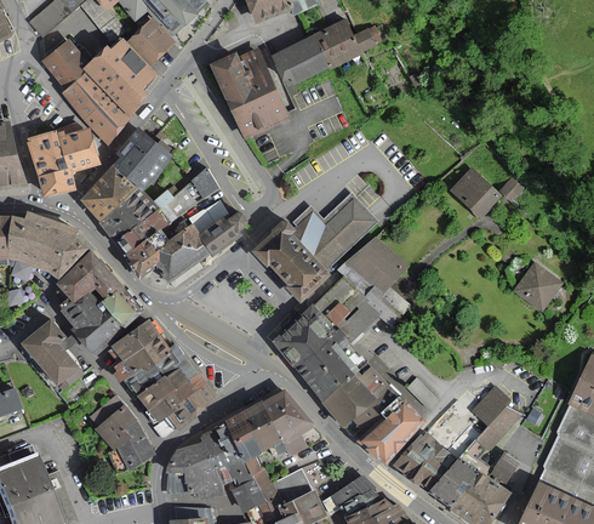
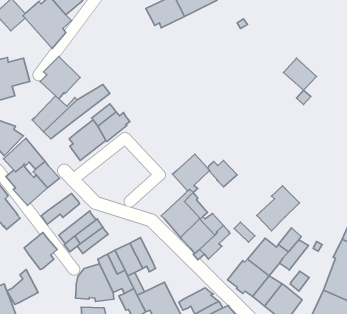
building: [210,50,287,137] -> none
building: [62,69,130,143] -> none
building: [80,165,135,220] -> none
building: [450,169,499,217] -> [284,58,316,90]
building: [252,194,377,301] -> none
building: [124,227,170,275] -> none
building: [339,237,406,296] -> none
building: [513,263,559,309] -> none
building: [343,301,381,342] -> none
building: [270,306,335,369] -> none
building: [112,319,159,361] -> none
building: [125,344,187,398] -> none
building: [263,392,310,454] -> none
building: [360,395,424,463] -> [257,186,299,231]
building: [108,420,155,473] -> [7,269,38,305]
building: [458,440,492,477] -> none

